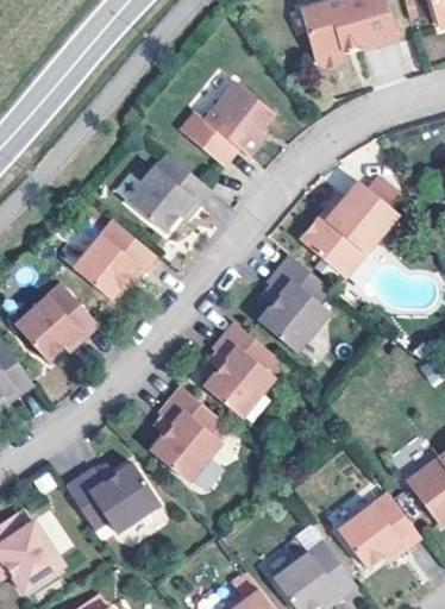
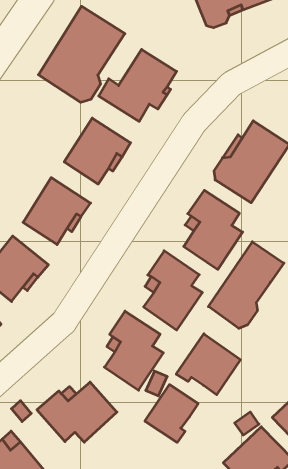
building: none -> [38,6,125,102]
building: none -> [208,242,284,328]
building: none -> [176,334,240,395]
building: none -> [145,385,198,442]

